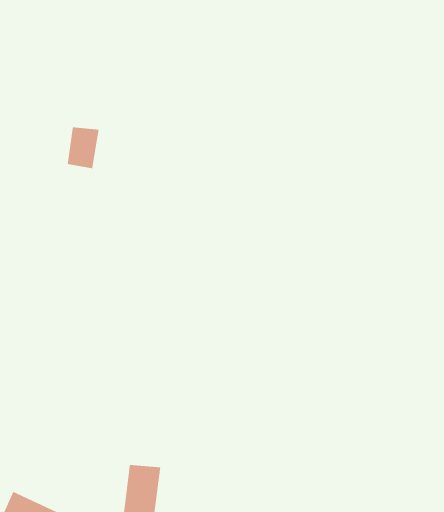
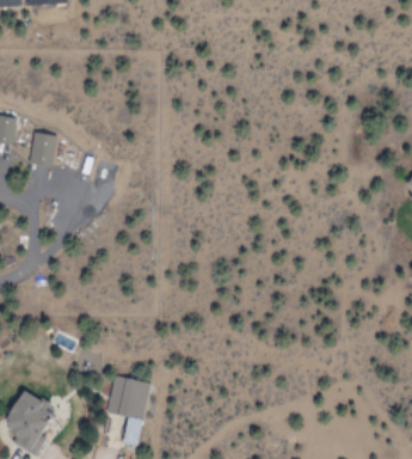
building: [67,126,99,169] -> [36,130,63,165]

